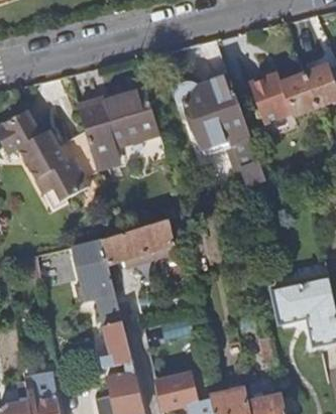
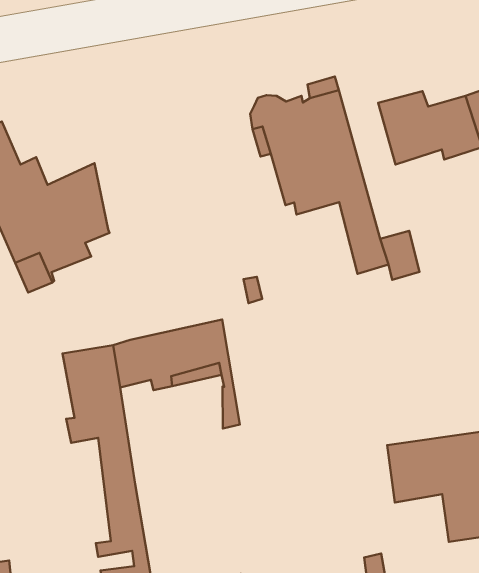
building: [78,93,158,170] -> none

